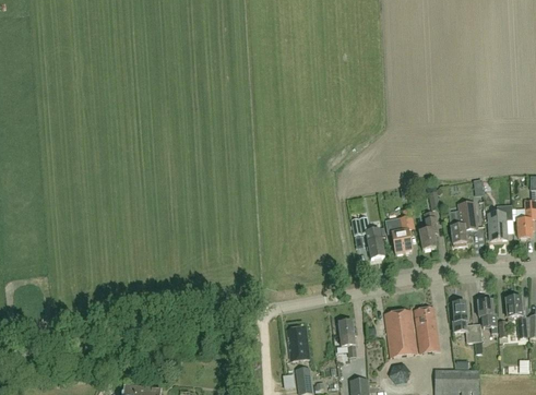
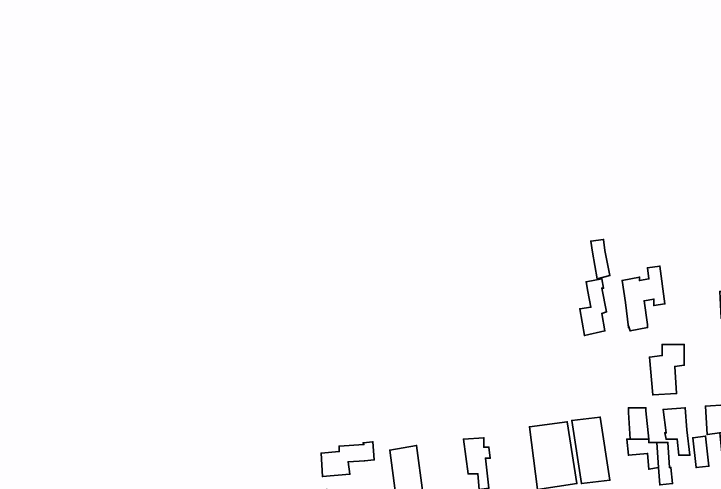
building: [488,205,512,240] -> [650,345,684,395]
building: [385,208,415,254] -> none
building: [352,217,384,259] -> none
building: none -> [321,442,374,476]

